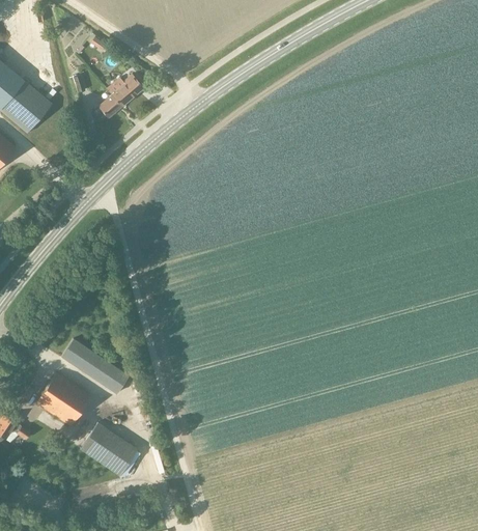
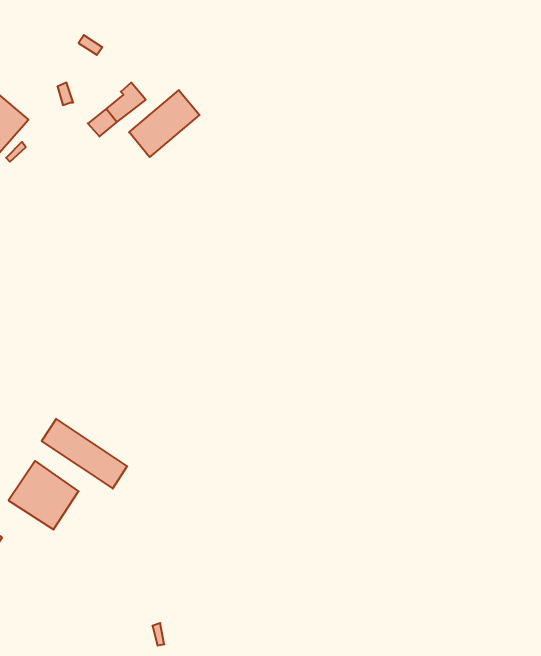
building: none -> [129,90,200,157]
building: [79,422,137,475] -> none

